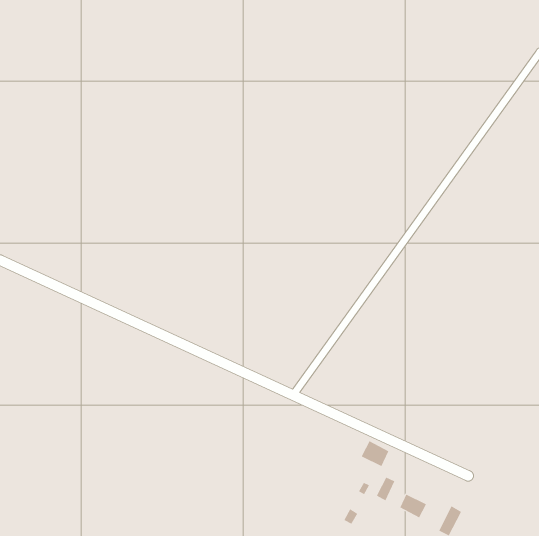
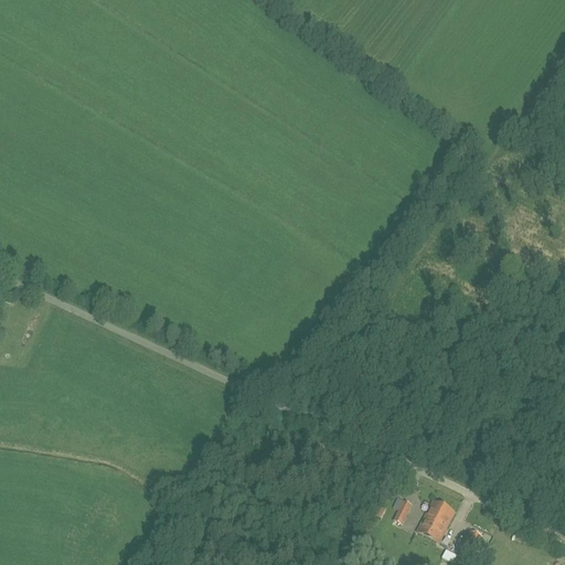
building: [361,441,389,467] -> [425,499,455,526]

